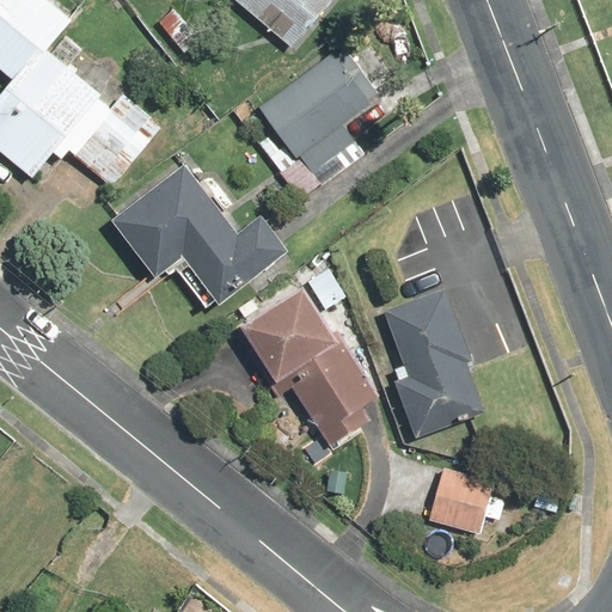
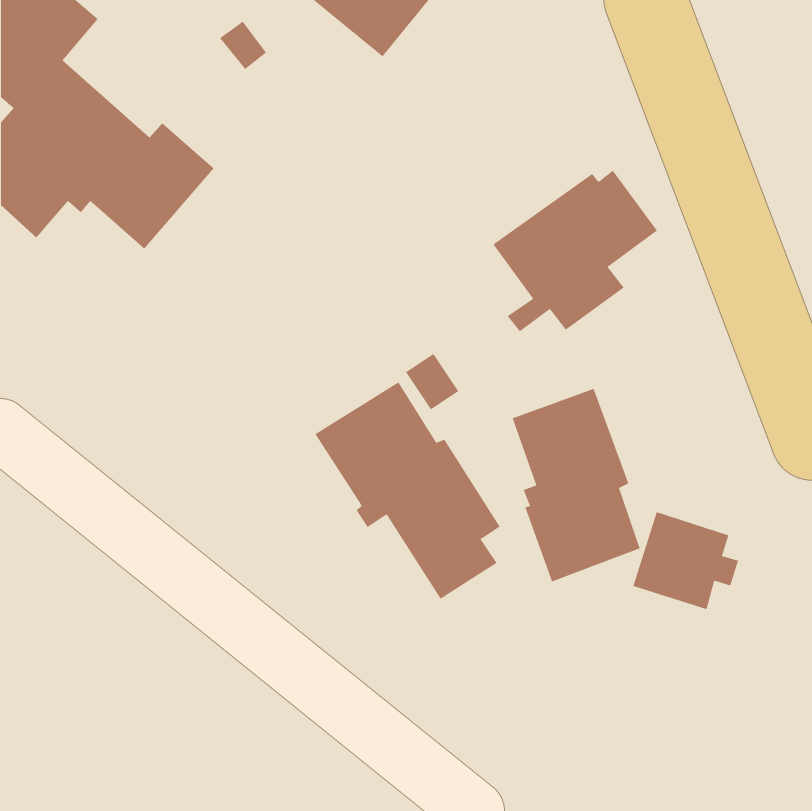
building: [257,50,381,172] -> [492,170,658,332]
building: [109,165,287,305] -> none
building: [426,464,506,538] -> [632,511,739,610]

